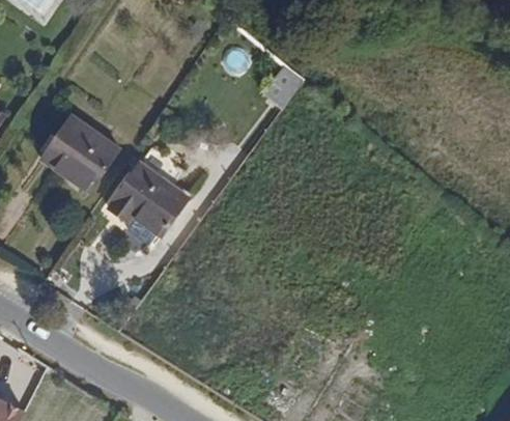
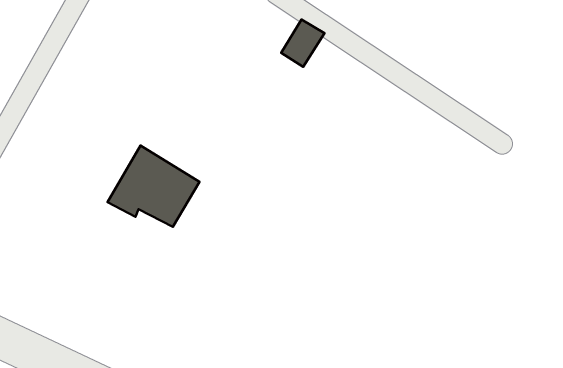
building: [47,114,115,179] -> none

